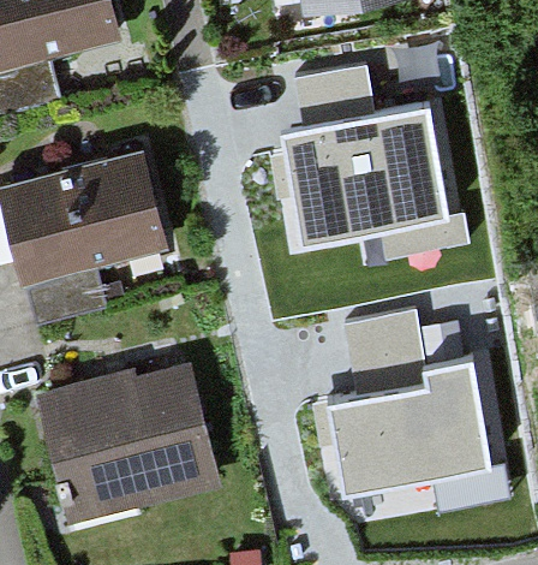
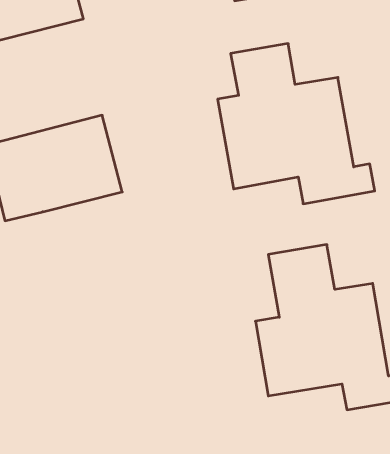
building: [35,364,220,525] -> none

